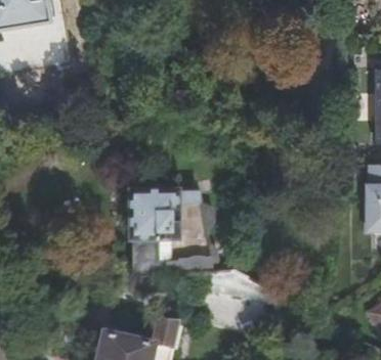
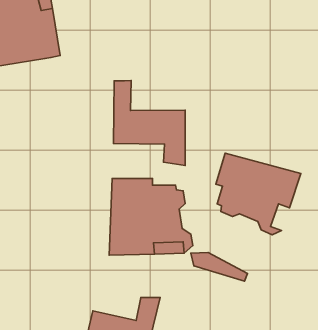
building: none -> [114,81,185,166]
building: none -> [216,153,301,235]

